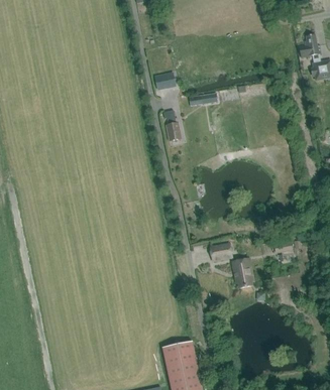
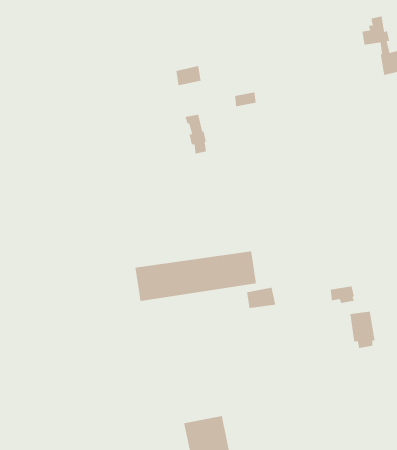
building: none -> [135,250,257,302]
building: [233,259,253,288] -> [349,311,376,349]

